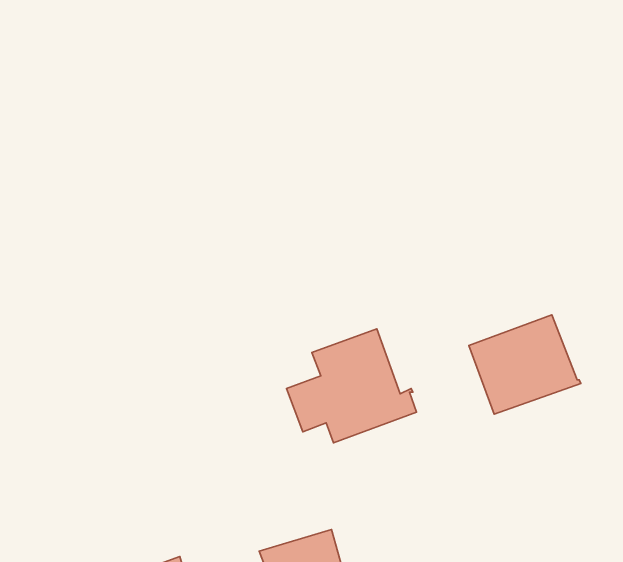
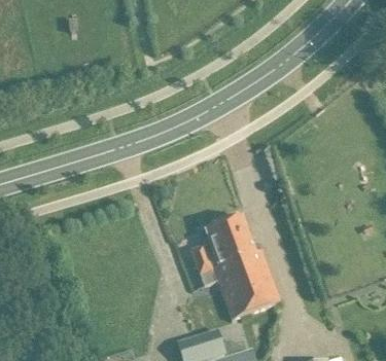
building: [469,315,581,414] -> [217,263,281,320]

